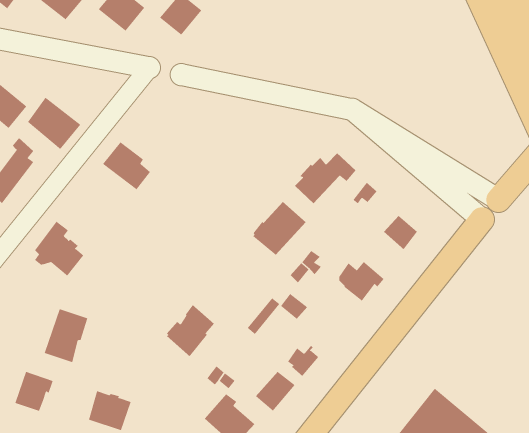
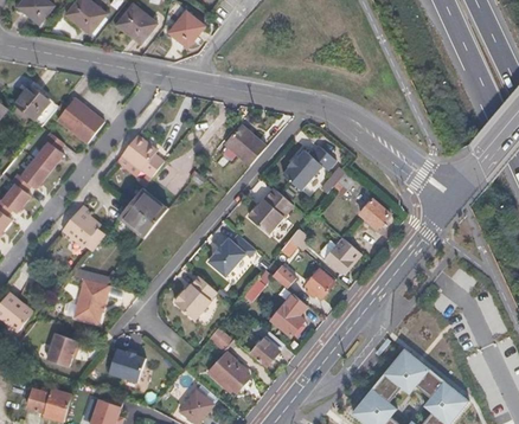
building: none -> [224,126,265,166]
building: none -> [118,188,166,236]
building: none -> [207,233,255,276]
building: none -> [305,268,335,298]

